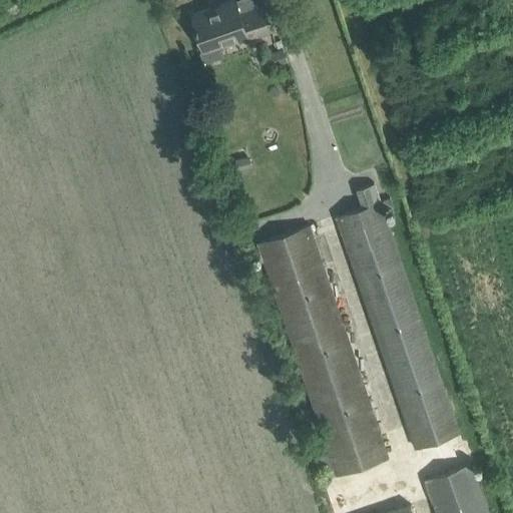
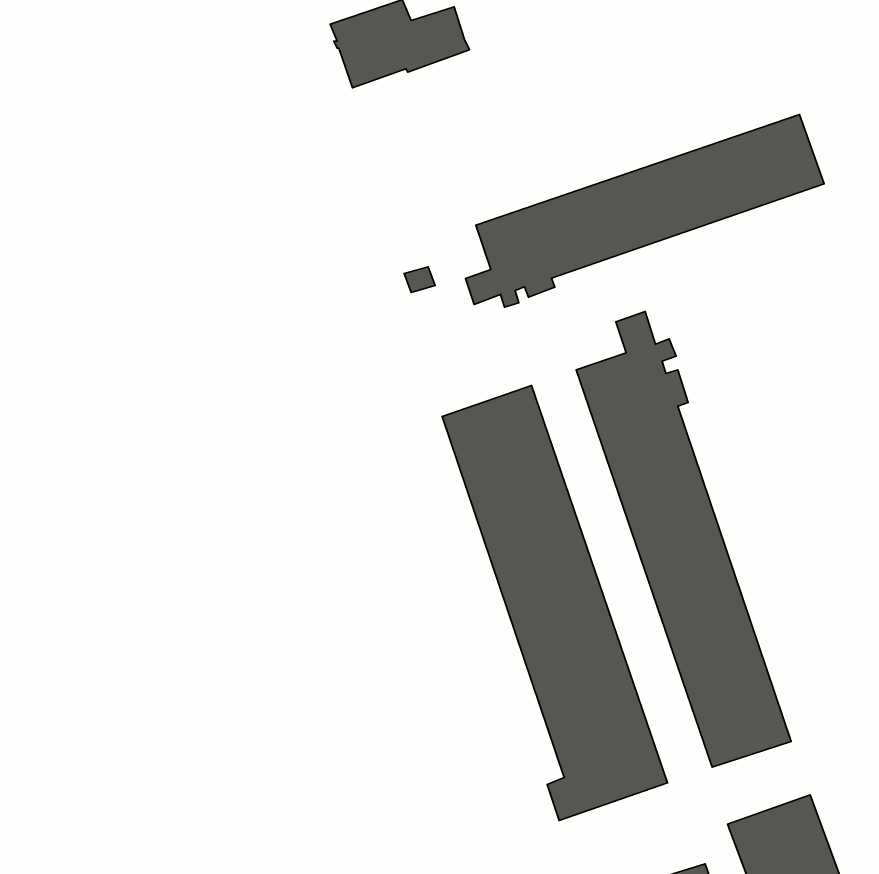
building: none -> [466,115,824,307]

